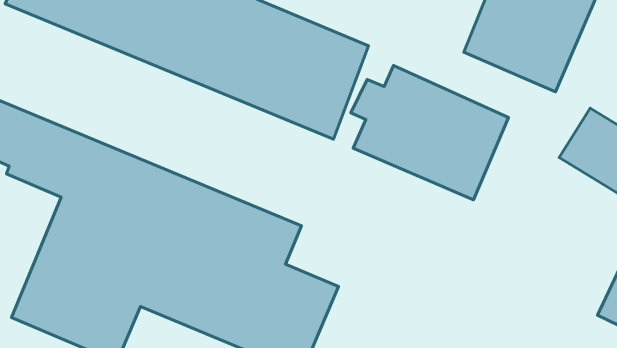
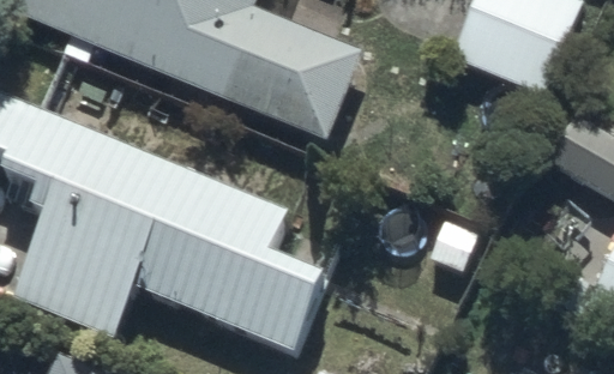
building: [351,66,508,200] -> none

